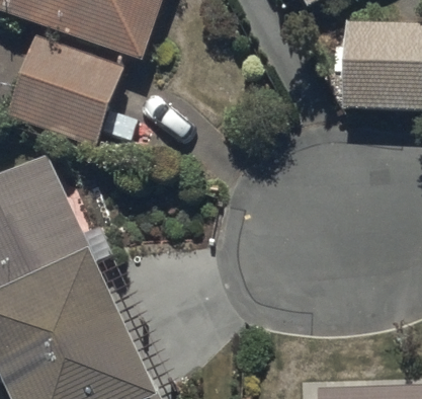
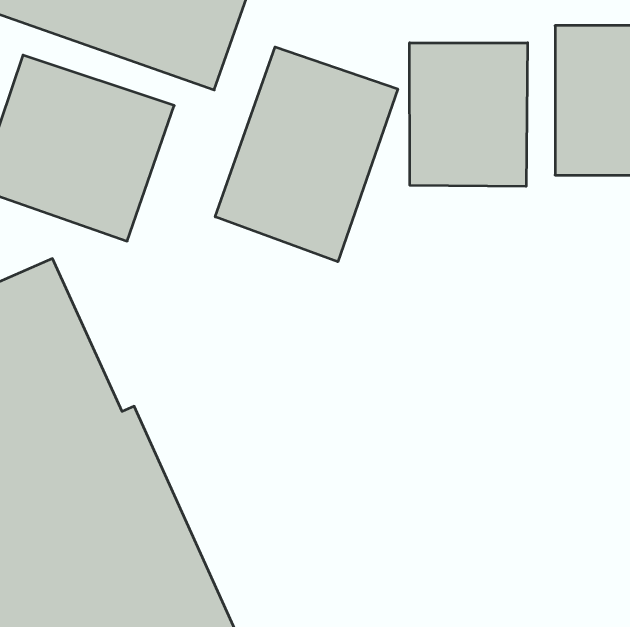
building: none -> [410,43,528,186]
building: none -> [215,47,398,262]

